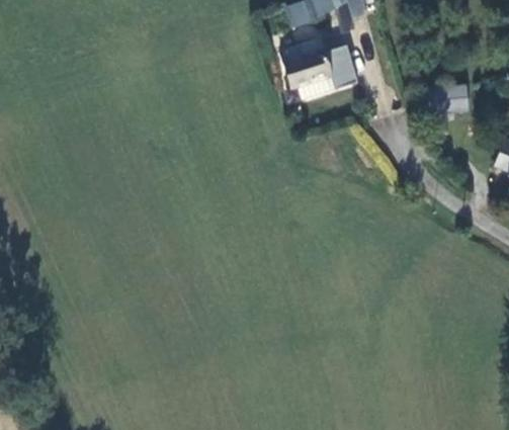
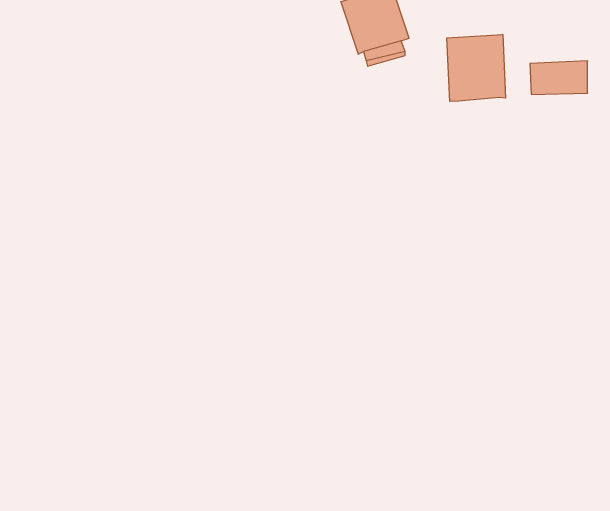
building: none -> [447,34,506,101]

